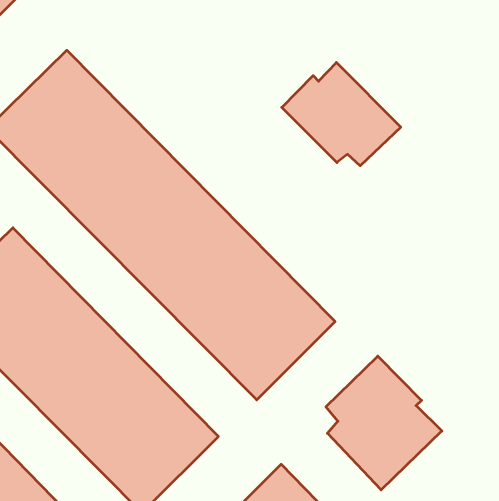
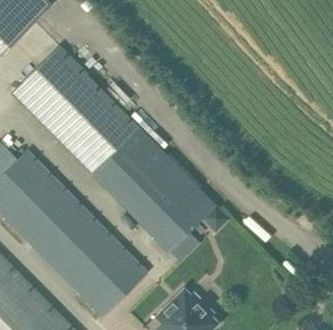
building: [282,62,401,166] -> none
building: [326,356,442,490] -> none

